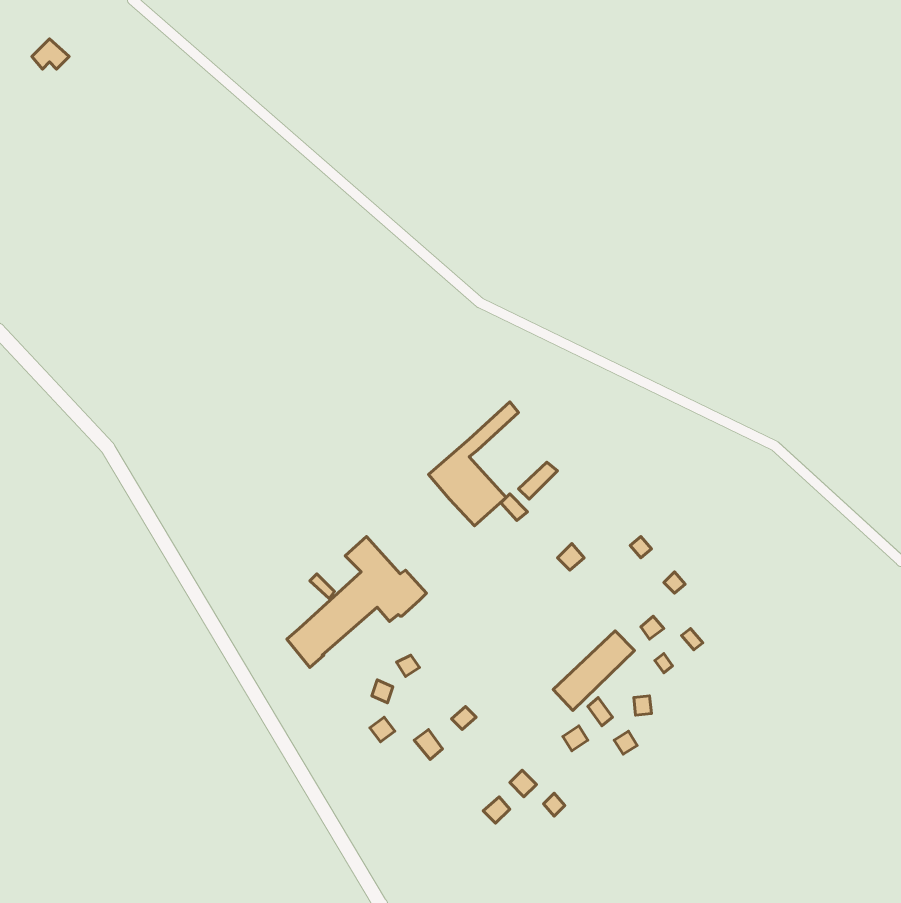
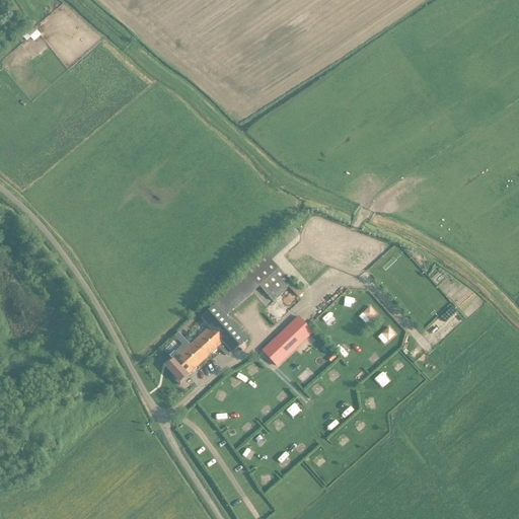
building: [553,631,635,711] -> [261,318,307,364]

